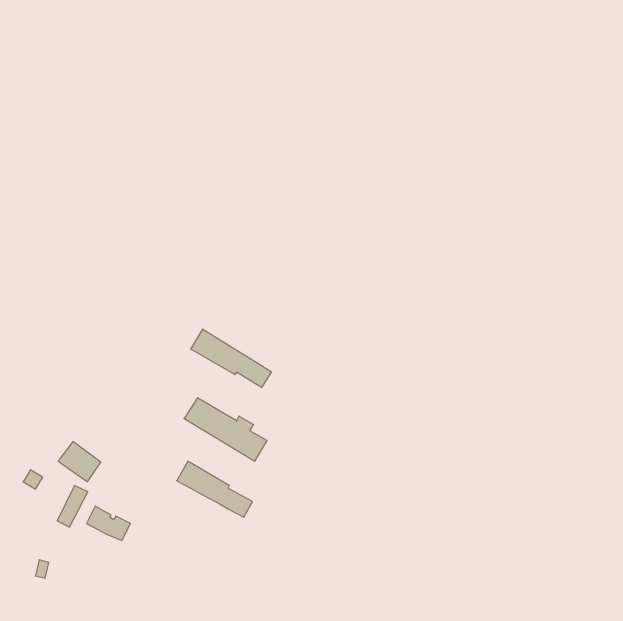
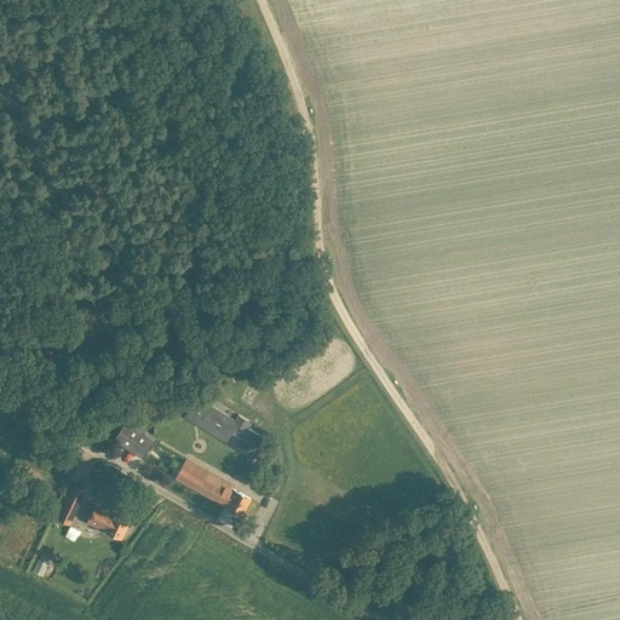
building: [191,329,271,388] -> none
building: [58,442,101,482] -> [115,420,157,460]

